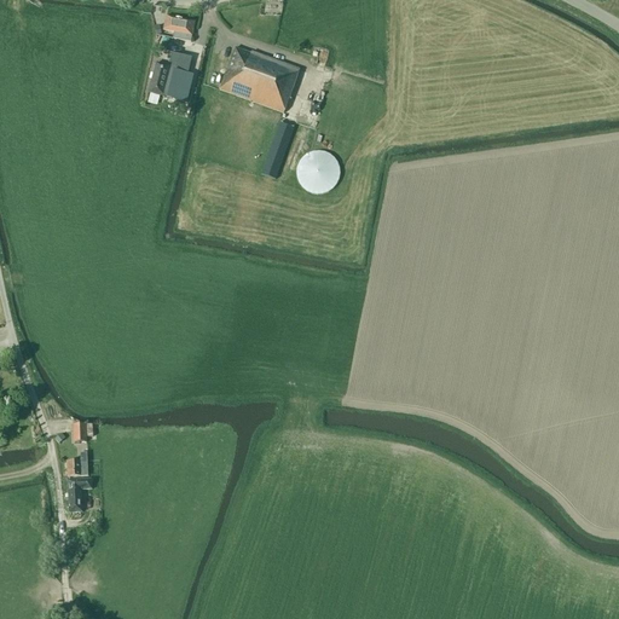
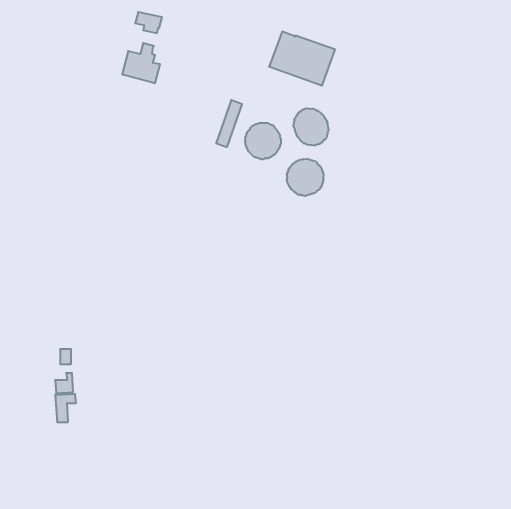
building: [219,46,299,111] -> [269,32,335,86]
building: none -> [294,108,328,146]
building: none -> [287,159,324,196]

